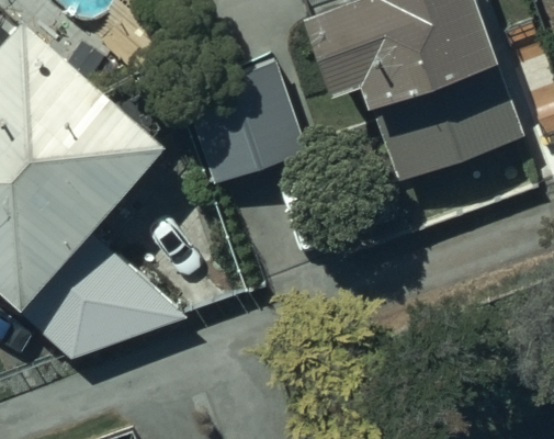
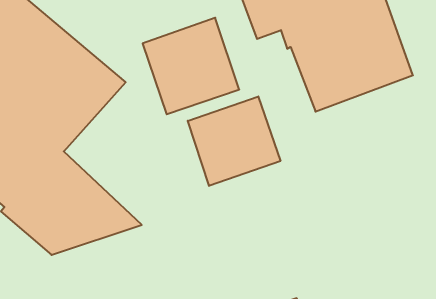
building: none -> [188,96,280,186]

